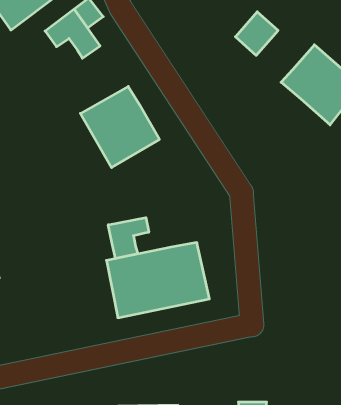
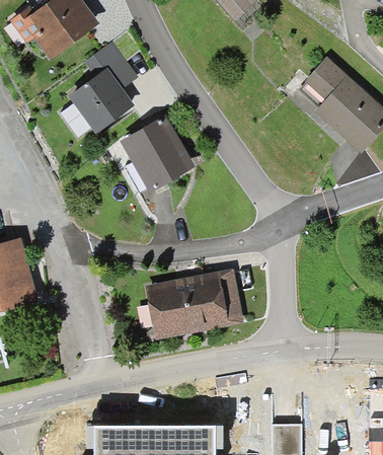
building: [235,12,278,55] -> [305,57,347,99]
building: none -> [69,69,135,134]
building: [108,218,149,259] -> none

